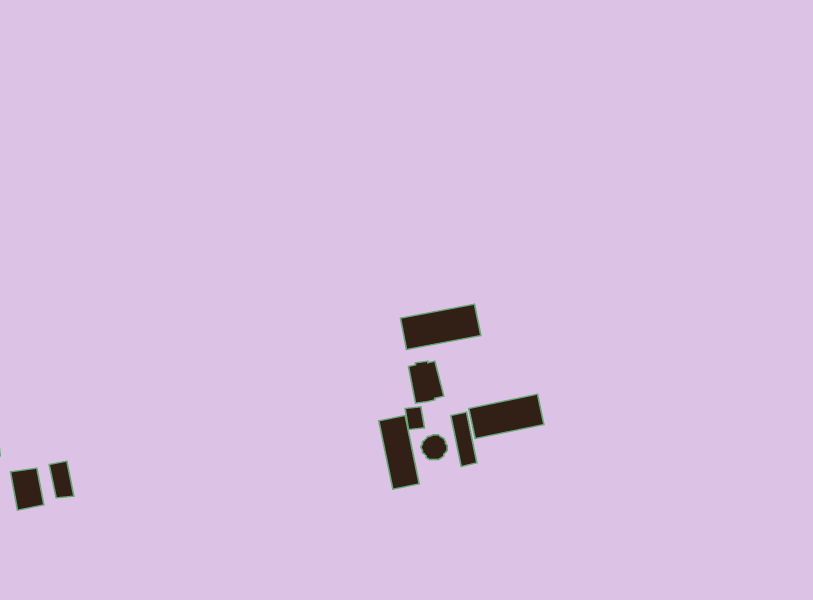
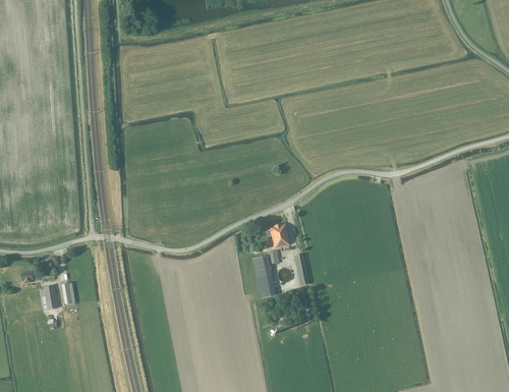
building: [401,304,481,350] -> none
building: [469,394,544,439] -> none

